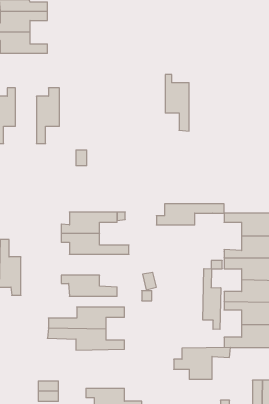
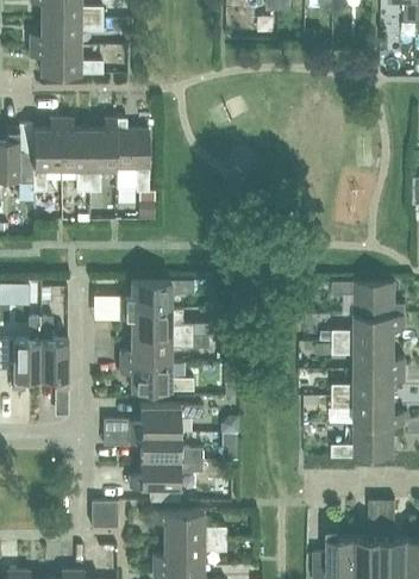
building: [165,75,189,131] -> [118,119,149,193]
building: none -> [61,119,88,192]
building: [156,204,224,225] -> [120,336,208,363]
building: [203,269,221,329] -> none
building: [174,347,230,379] -> [129,460,202,502]

